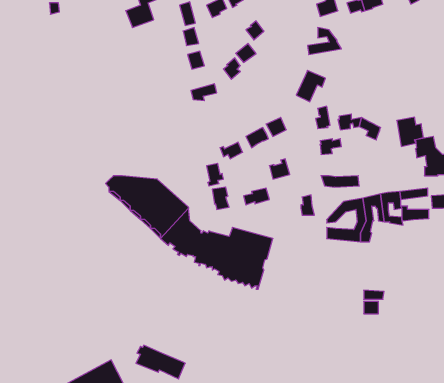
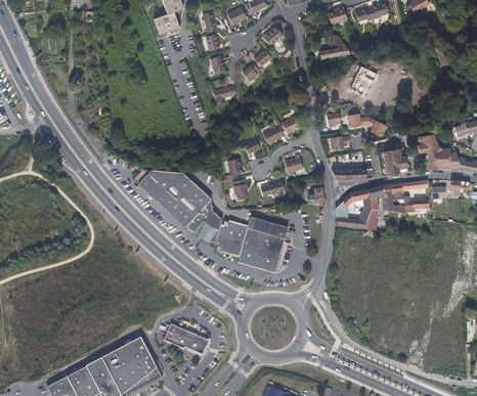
building: [296,70,325,102] -> [350,65,377,94]
building: [397,117,424,146] -> [383,148,407,175]

